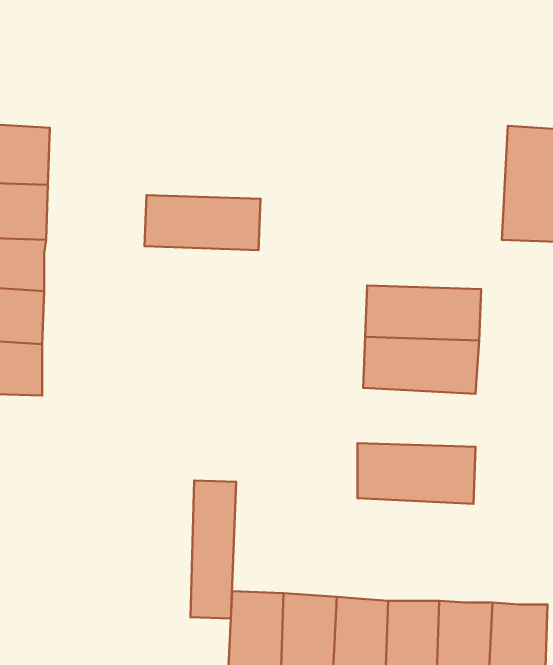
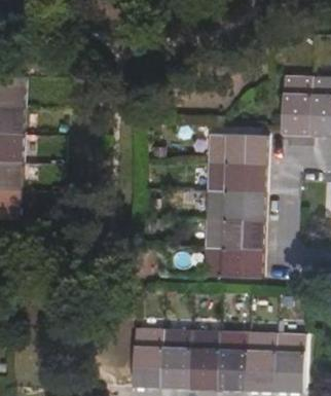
building: [145,195,260,250] -> [208,134,270,164]
building: none -> [203,217,266,249]
building: [191,480,236,619] -> none

